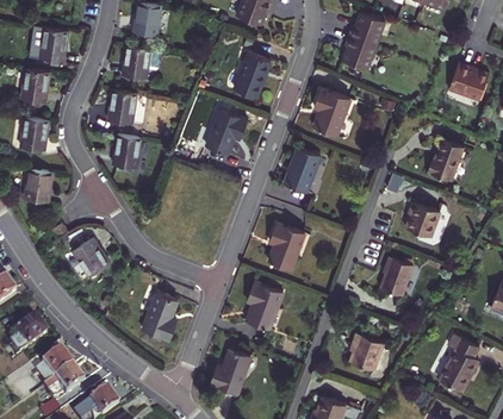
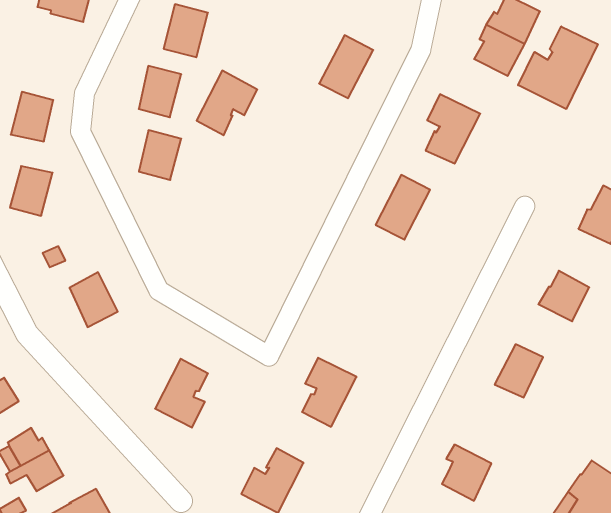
building: none -> [518,26,598,109]
building: [21,68,49,101] -> none
building: [206,108,247,154] -> [197,71,257,135]
building: [268,221,304,269] -> none

